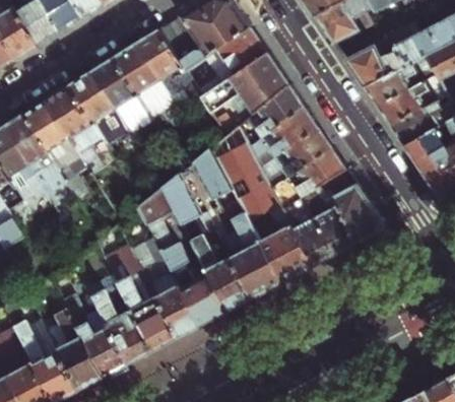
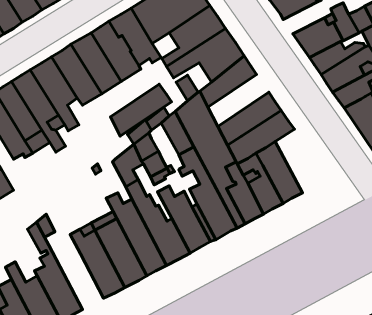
building: [248,107,318,166] -> [110,84,171,136]
building: [325,170,381,243] -> none
building: [65,295,128,377] -> none

